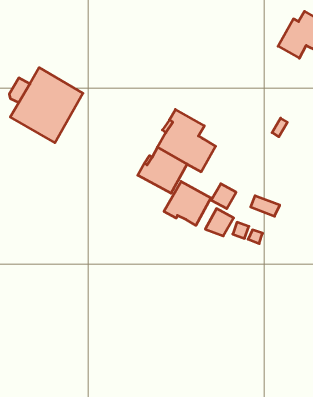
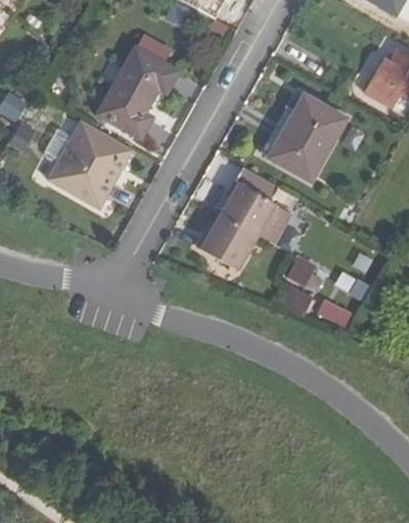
building: none -> [98,49,178,138]
building: none -> [270,98,345,181]
building: [164,181,211,225] -> none

